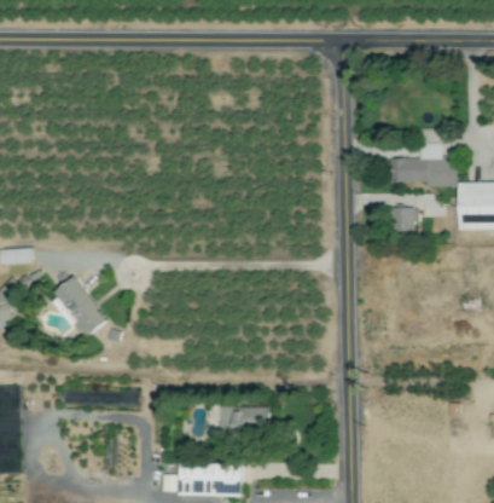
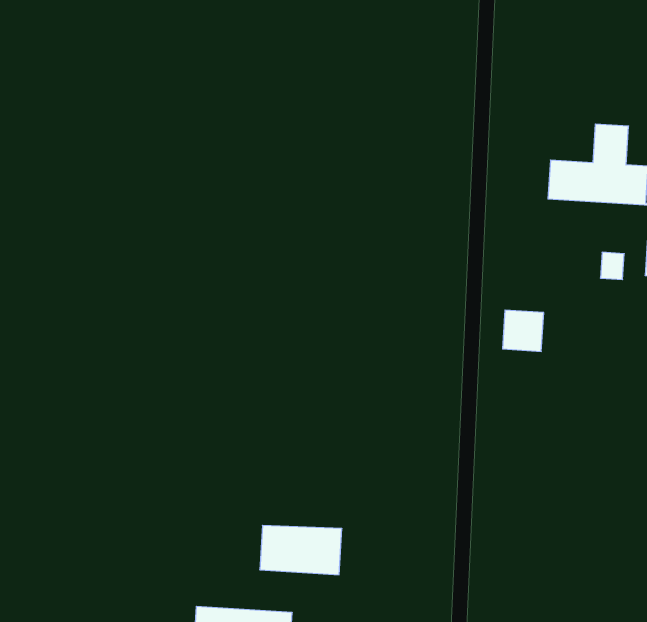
building: [389,207,414,232] -> [503,310,544,351]
building: [54,276,105,335] -> none

